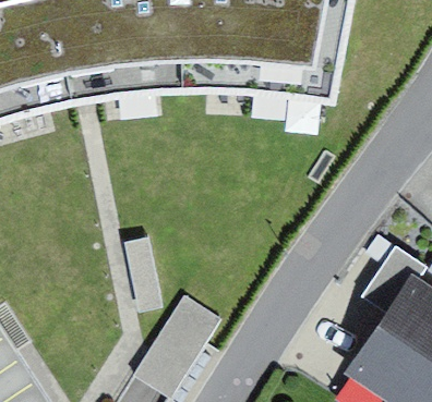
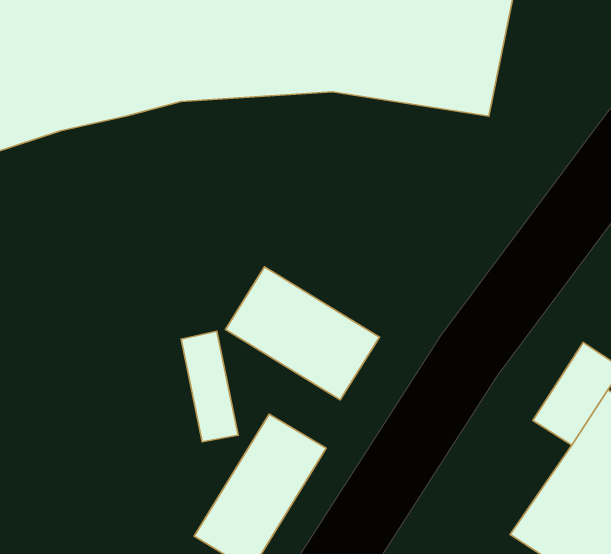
building: none -> [225,267,379,400]

